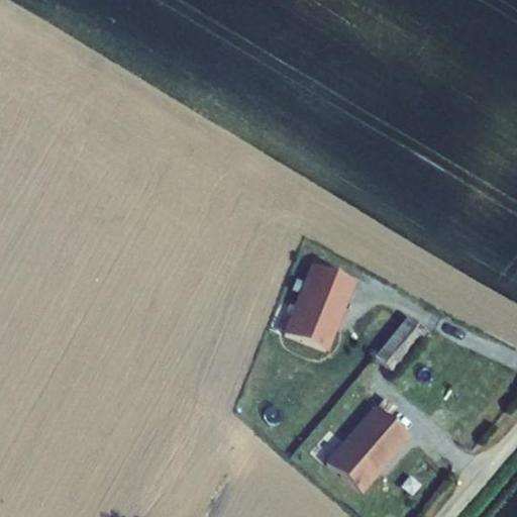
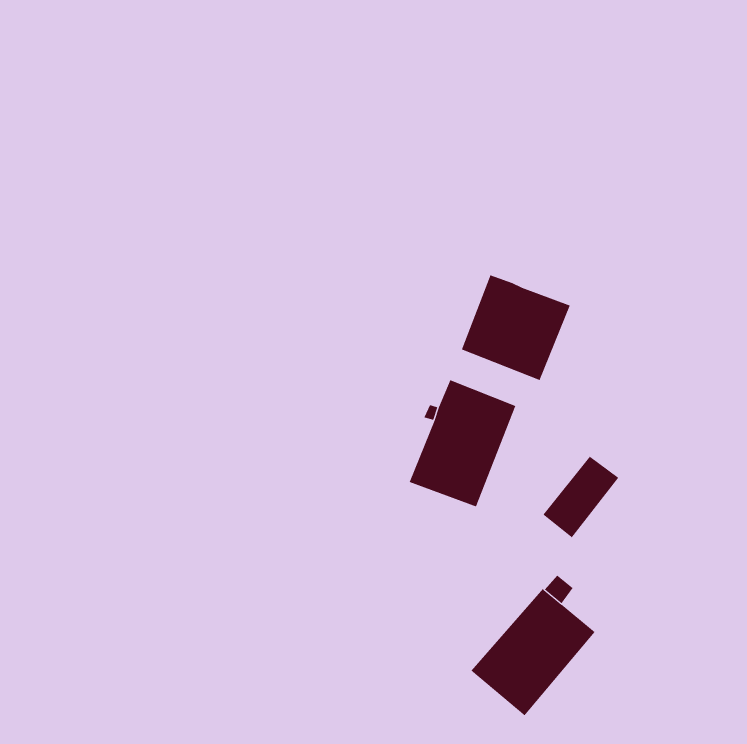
building: none -> [461,275,571,381]

